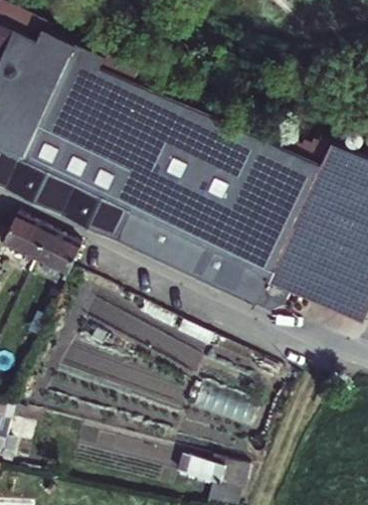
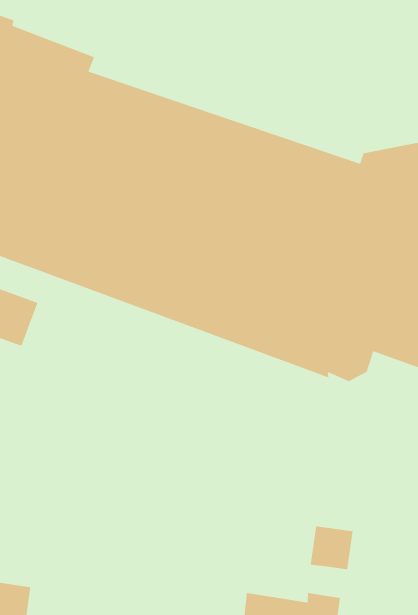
building: [35,231,82,279] -> none
building: none -> [310,526,354,570]

